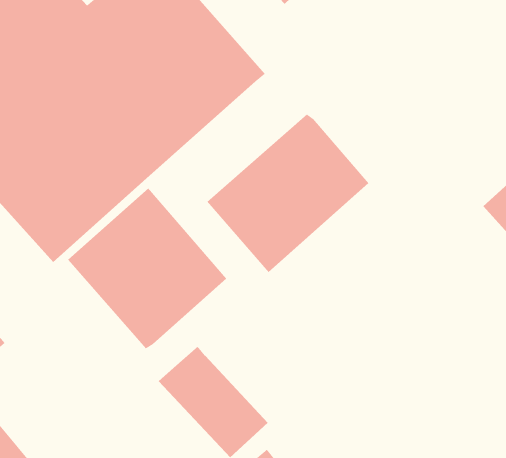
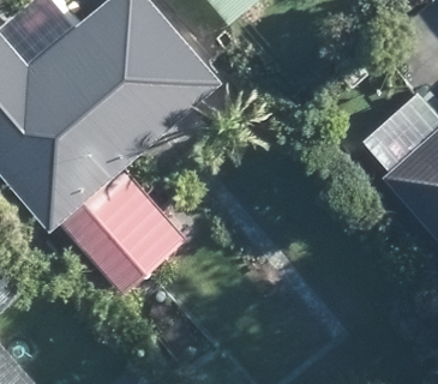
building: [207,113,369,273] -> none

